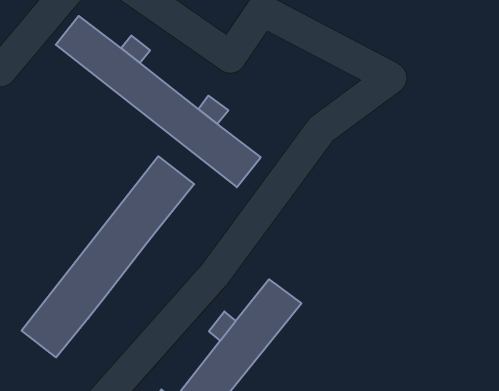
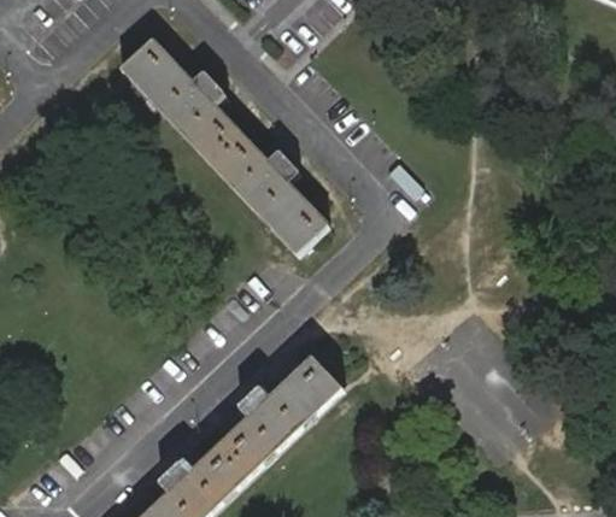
building: [22,156,194,357] -> none

